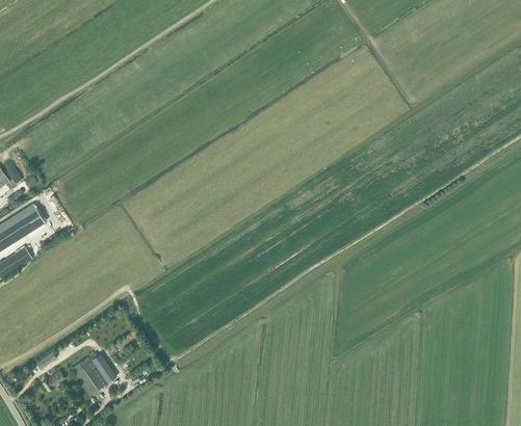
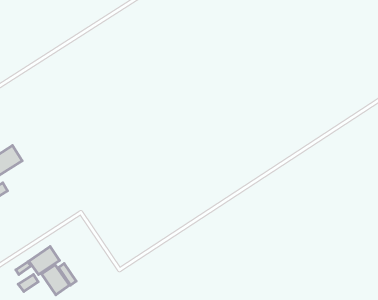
building: none -> [29,247,60,274]

